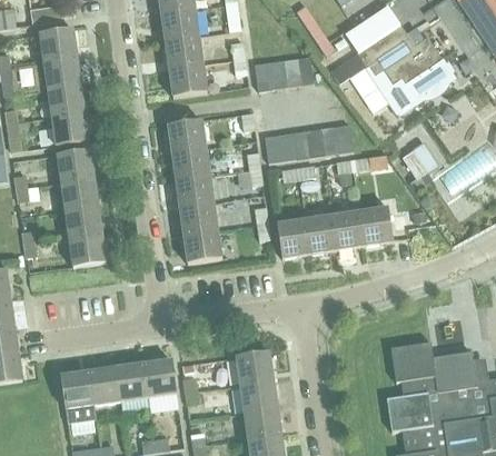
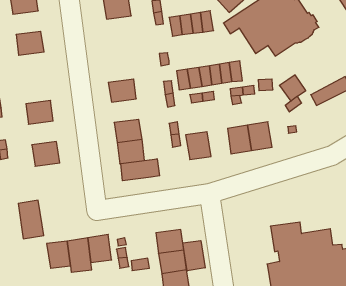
building: [42,56,80,88] -> none
building: [169,62,206,96] -> none
building: [50,111,88,145] -> none
building: [168,119,206,152] -> none
building: [56,148,93,181] -> none
building: [176,175,212,207] -> none
building: [63,205,101,237] -> none
building: [305,215,337,252] -> none
building: none -> [121,159,160,181]
building: none -> [183,241,205,271]
building: [61,370,96,423] -> [18,200,44,239]

